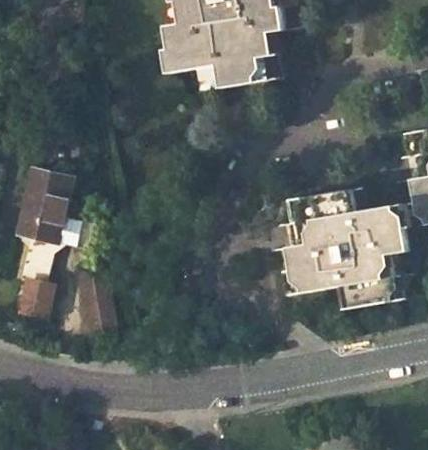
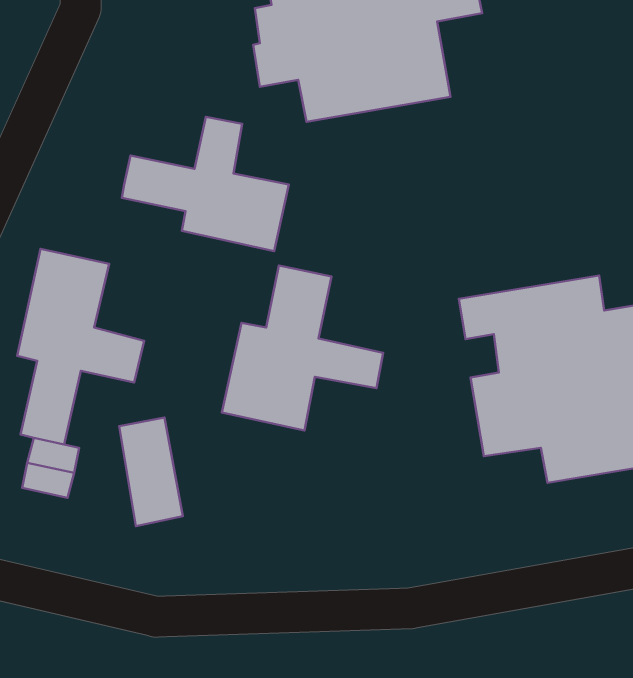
building: none -> [122,117,289,251]
building: none -> [222,266,383,431]

